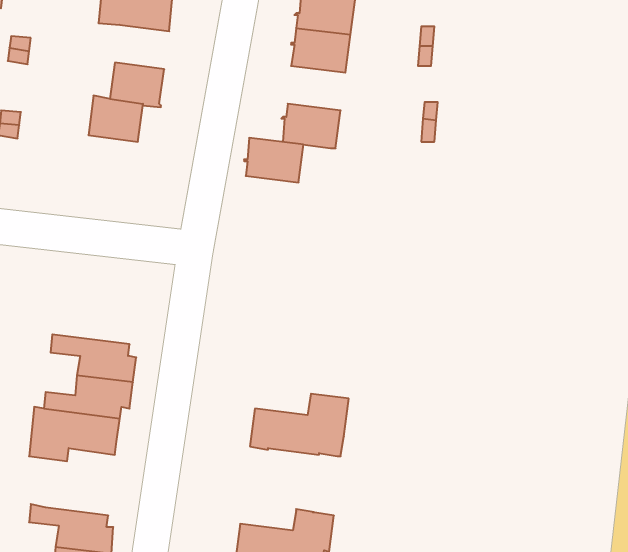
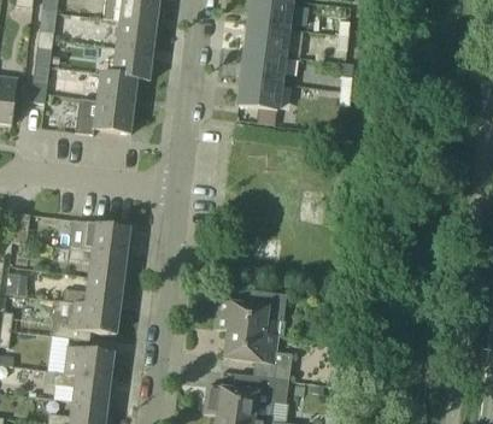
building: none -> [115,19,154,52]
building: none -> [72,98,131,134]
building: [244,138,303,182] -> [240,49,283,82]
building: none -> [69,219,129,253]
building: none -> [223,329,292,379]
building: none -> [64,344,113,378]

